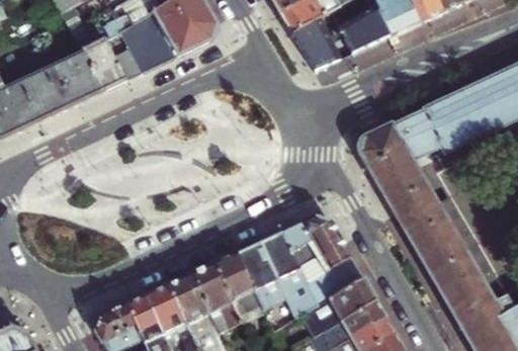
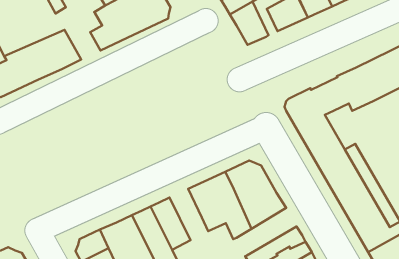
building: [82,38,127,89] -> none
building: [214,252,256,317] -> none
building: [298,276,374,336] -> none

